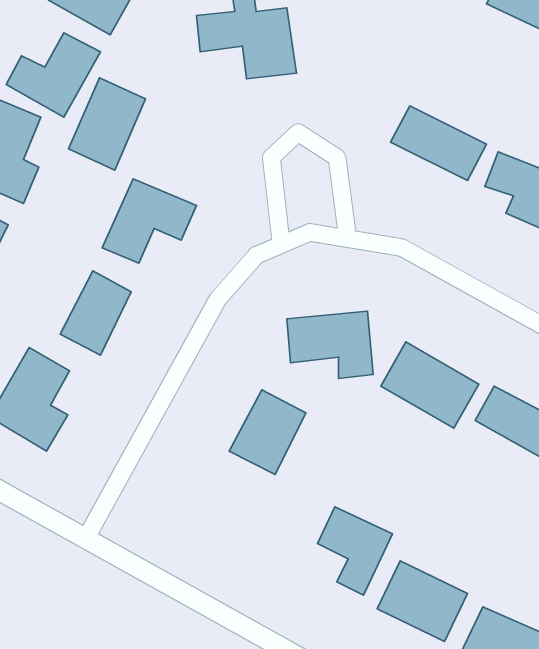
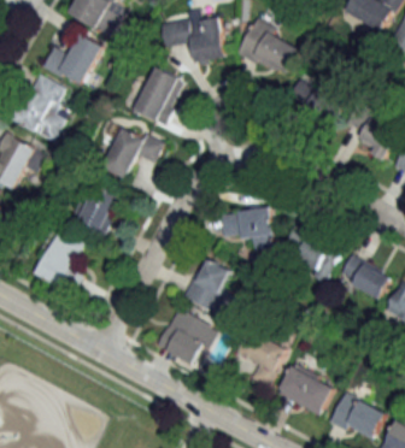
building: none -> [237,23,303,78]
building: [69,78,146,170] -> [135,66,183,124]
building: none -> [157,308,216,366]

